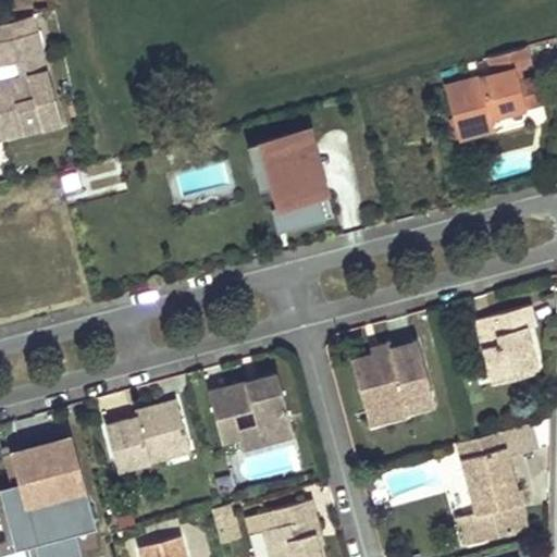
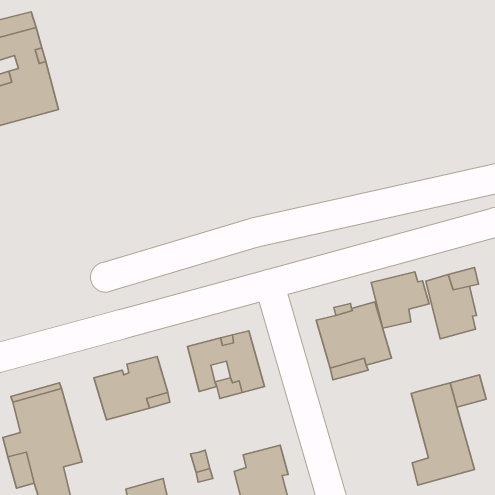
building: [442,48,541,143] -> none
building: [246,129,332,233] -> none
building: none -> [371,272,429,328]

